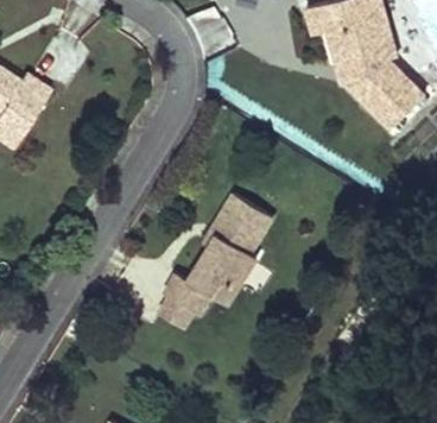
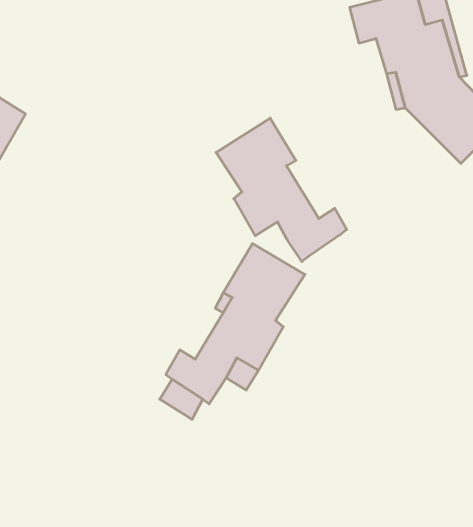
building: none -> [216,118,347,262]

